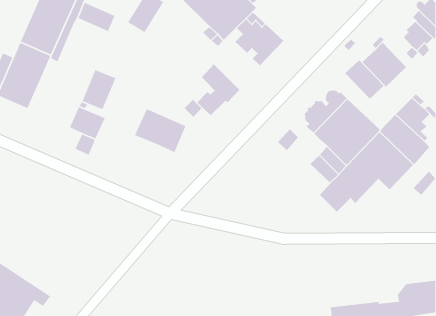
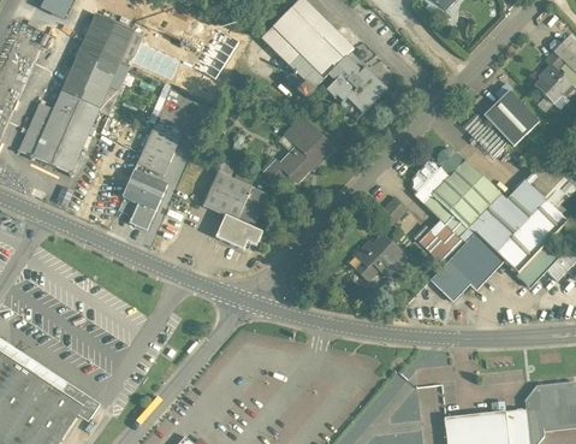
building: none -> [219,217,262,250]
building: none -> [355,239,405,280]
building: none -> [516,242,560,288]

